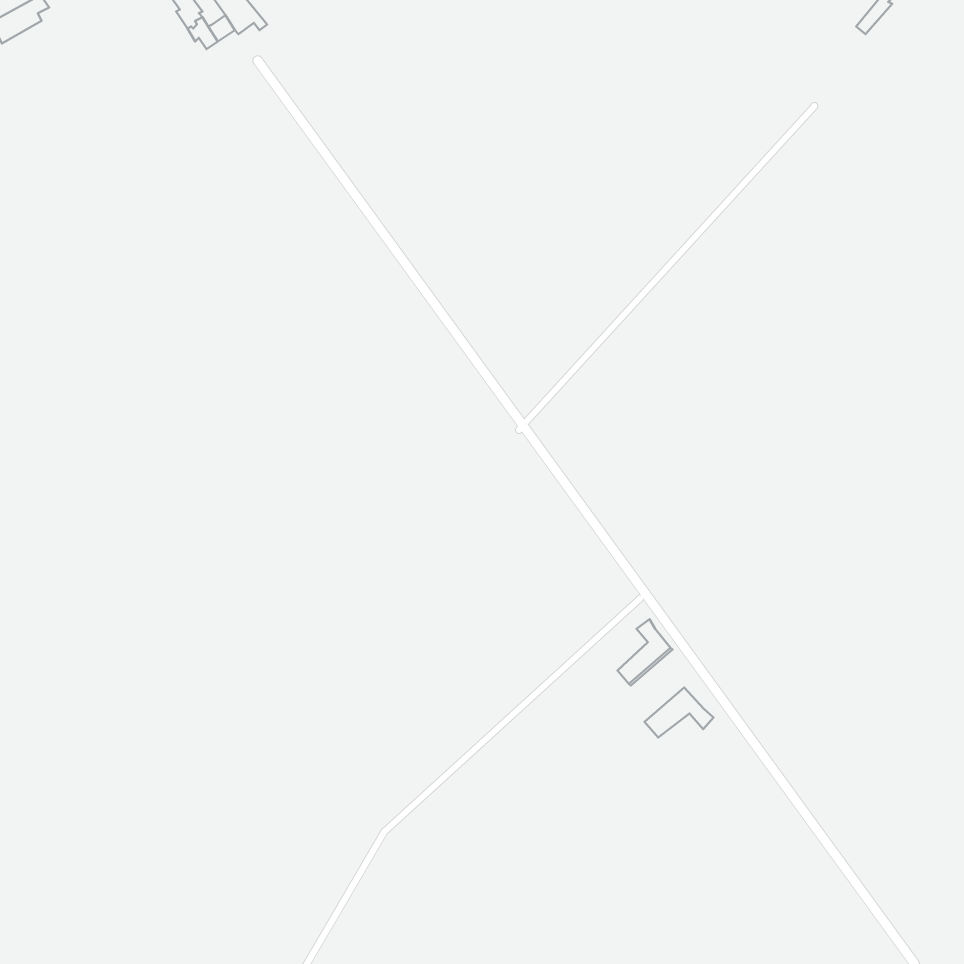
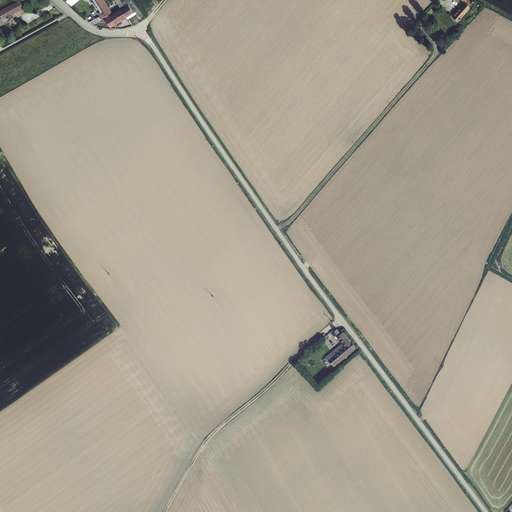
building: [644,688,714,738] -> none

